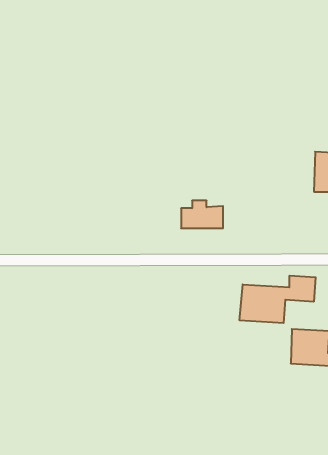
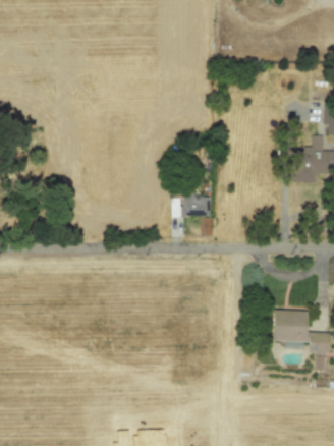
building: [240,276,316,323] -> none

